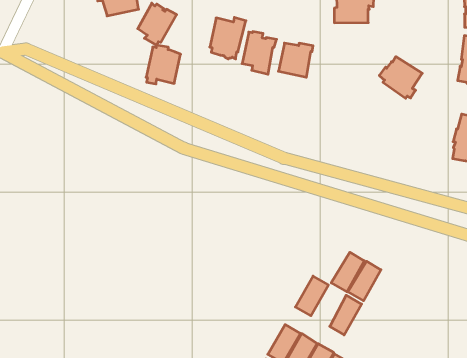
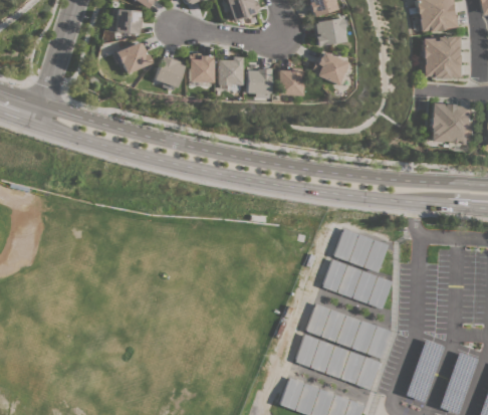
building: [146,45,181,84] -> [188,53,213,85]
building: [379,57,422,98] -> [310,52,345,85]
building: none -> [335,228,359,261]
building: none -> [339,265,363,297]
building: none -> [371,276,394,308]

